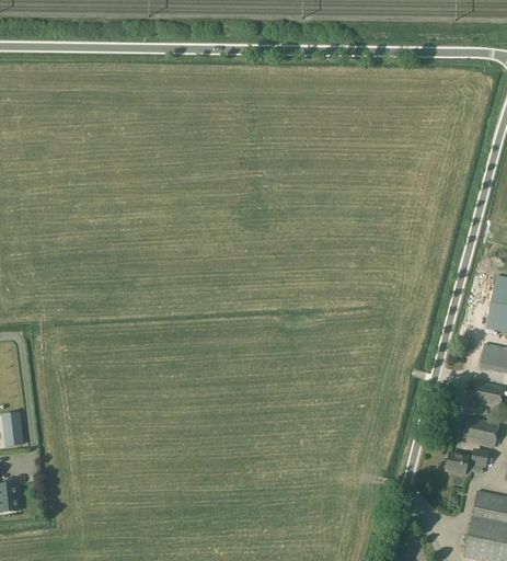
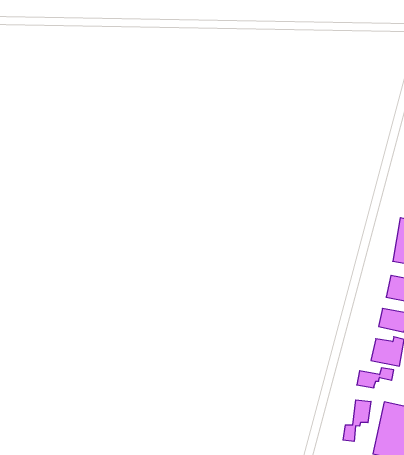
building: none -> [343,400,371,441]

